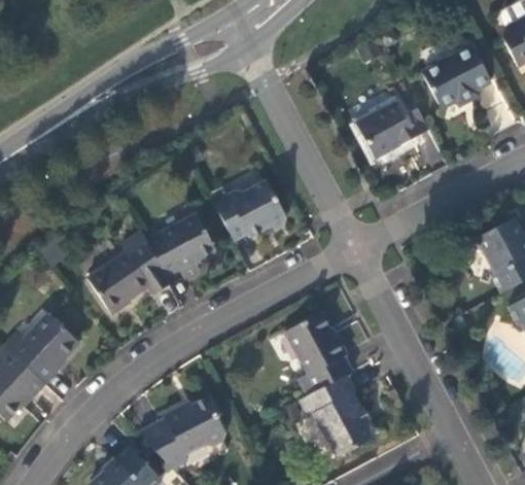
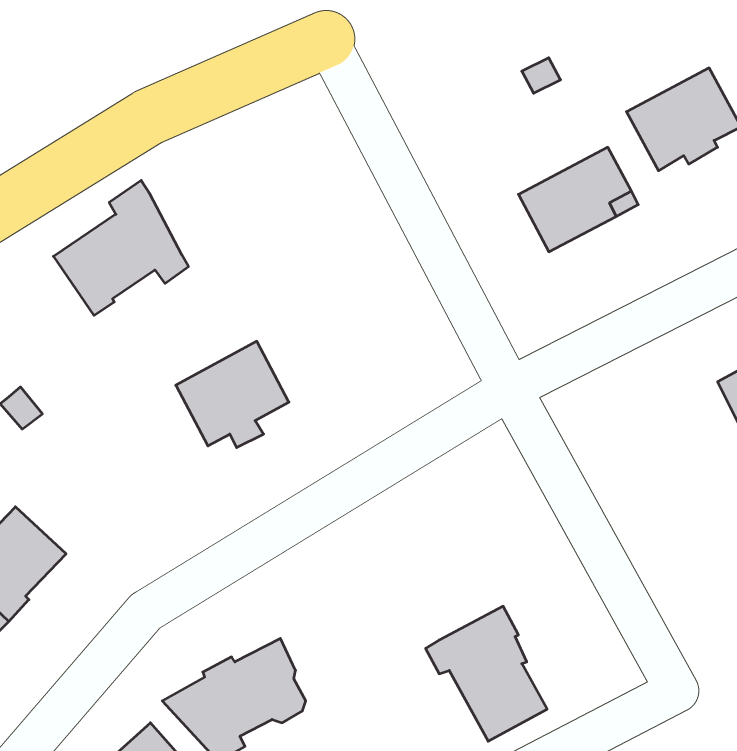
building: [213,180,285,241] -> none
building: [87,232,170,314] -> [53,180,188,315]
building: [285,312,352,395] -> none

